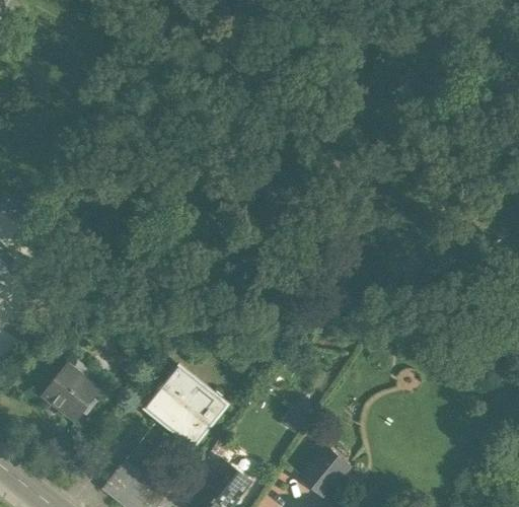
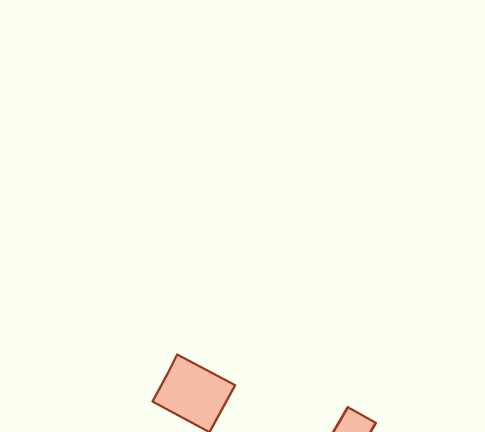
building: [43,364,99,420] -> none

